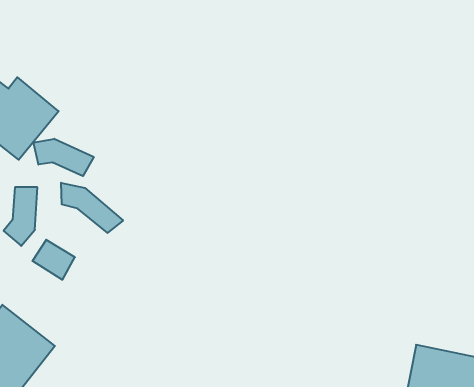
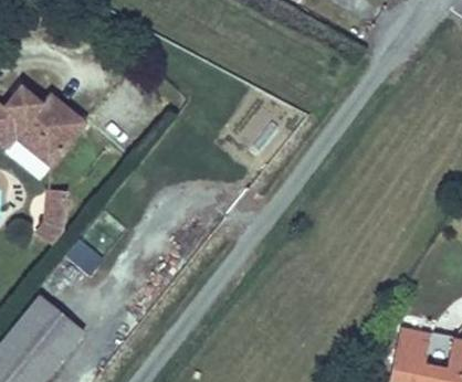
building: [33,139,94,176] -> none
building: [61,183,123,233] -> none

